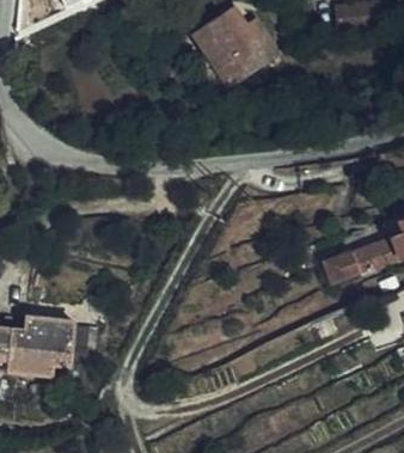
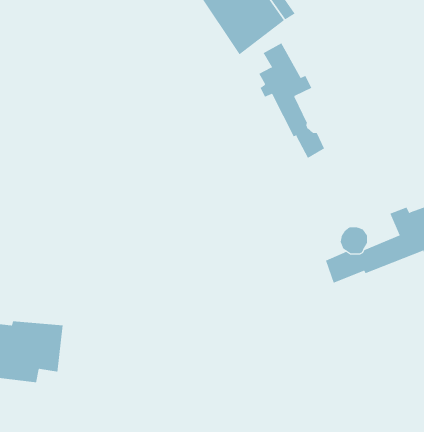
building: none -> [258,43,325,159]

